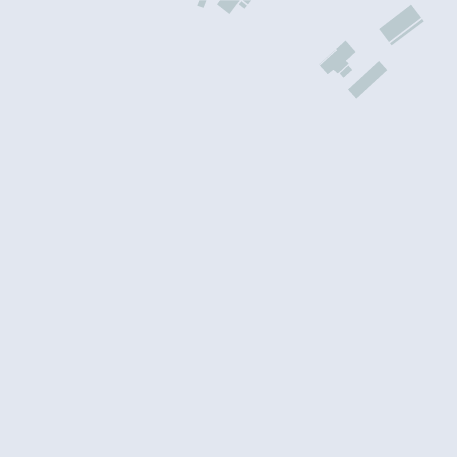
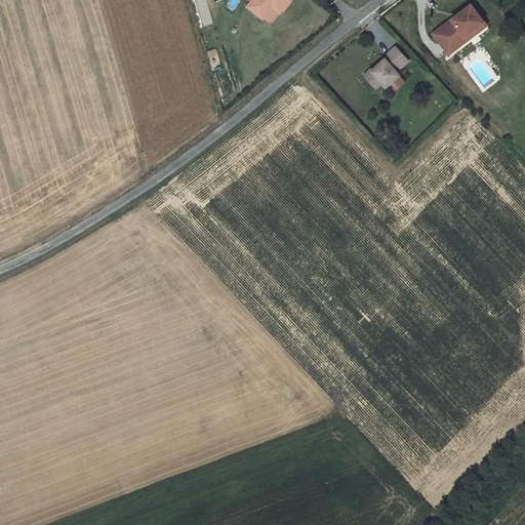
building: [347,60,388,100] -> none

